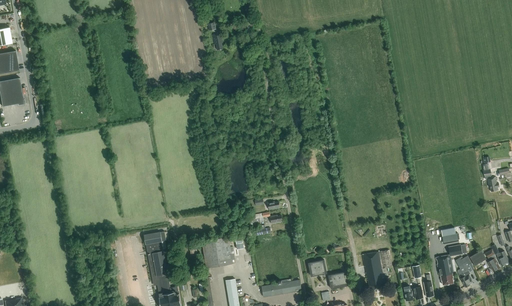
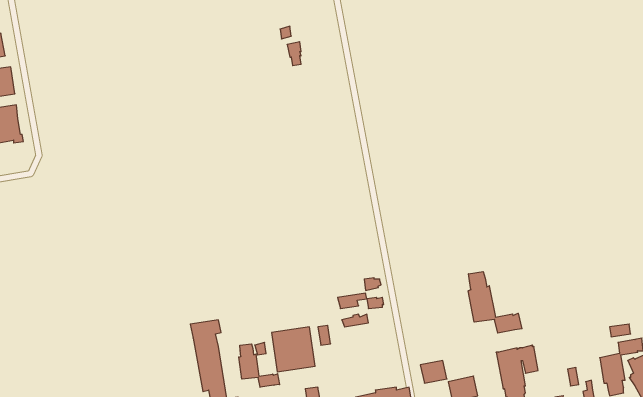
building: none -> [468,272,522,333]
building: none -> [239,344,280,387]

